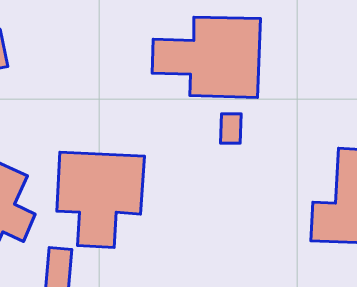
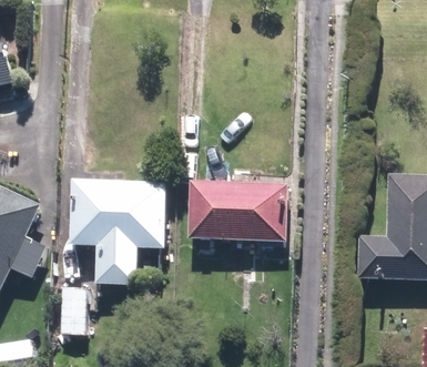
building: [152,17,260,98] -> none
building: none -> [187,179,288,241]

